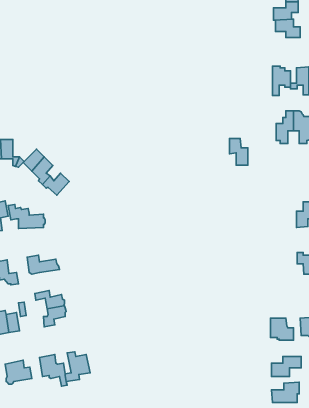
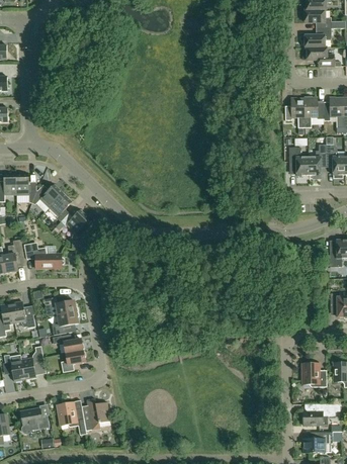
building: none -> [285,98,305,127]
building: [230,138,248,165] -> [289,147,309,175]
building: none -> [53,311,79,335]

